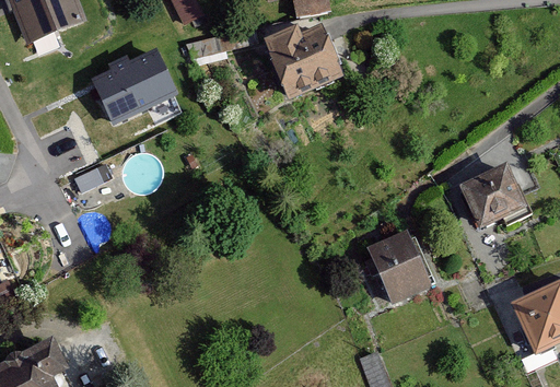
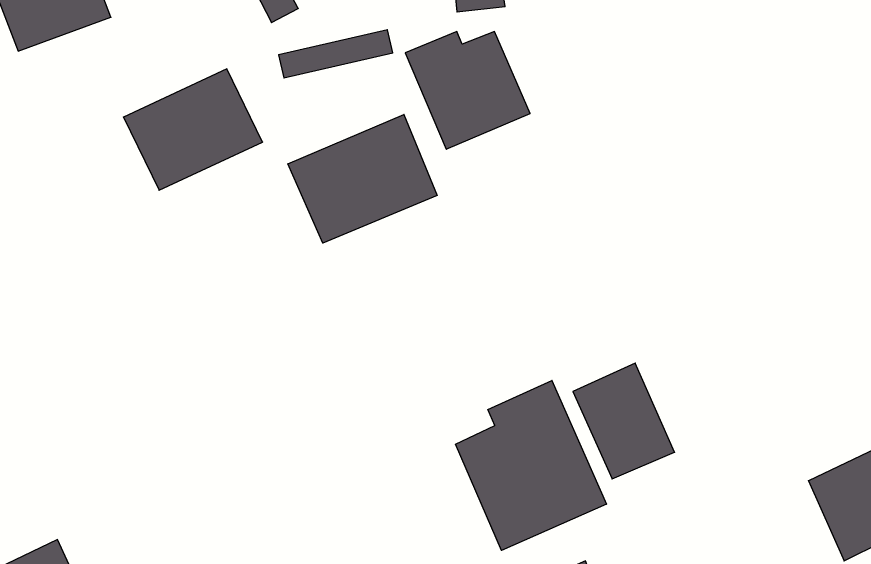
building: none -> [288,114,437,243]
building: [462,163,526,226] -> none
building: none -> [456,380,606,550]

